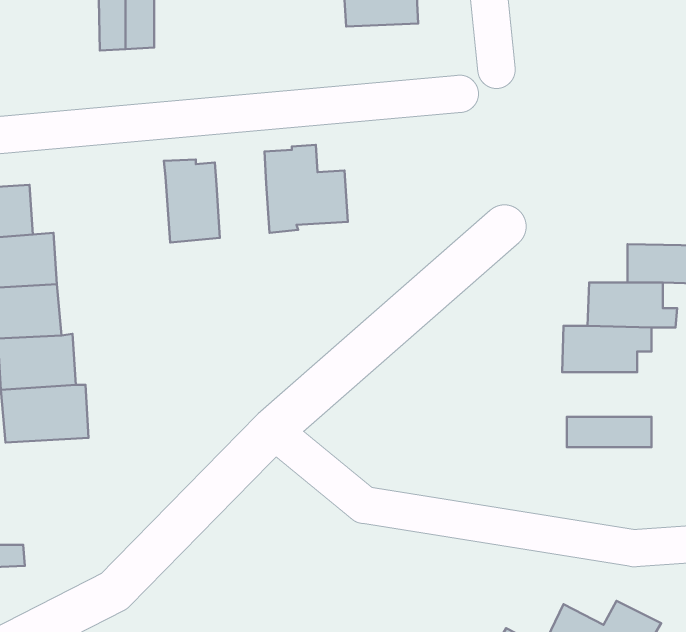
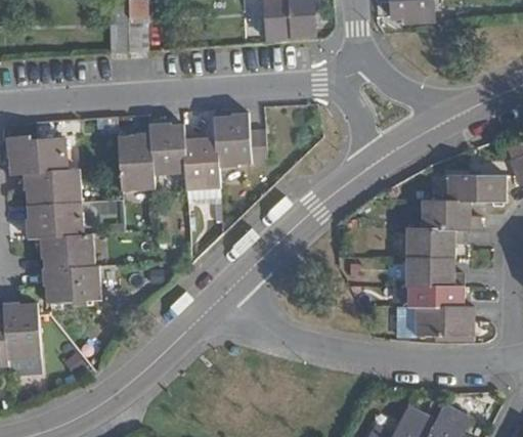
building: none -> [119,133,156,191]
building: none -> [184,137,219,188]
building: none -> [405,258,463,287]
building: none -> [416,306,472,336]

